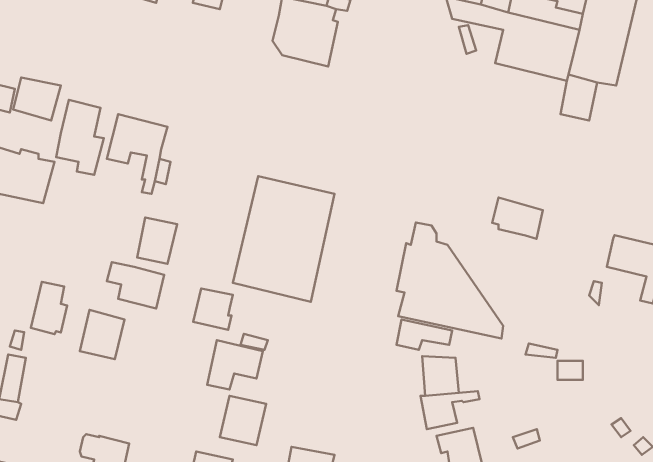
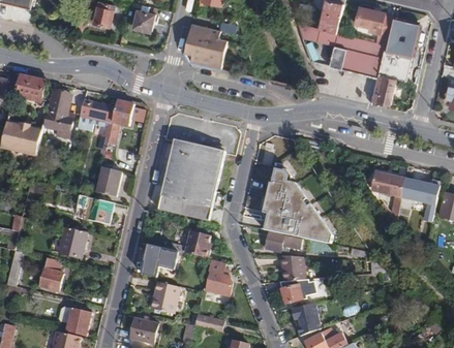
building: none -> [112,98,134,126]
building: [492,197,543,239] -> [372,171,405,198]
building: [31,282,67,334] -> [39,258,63,292]
building: [193,288,233,330] -> [183,231,209,258]
building: none -> [205,259,232,296]

